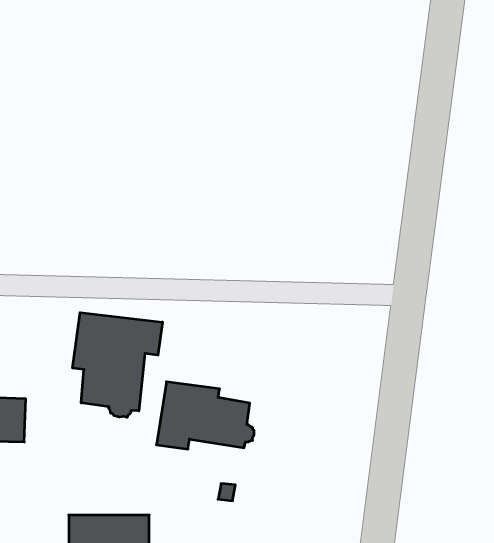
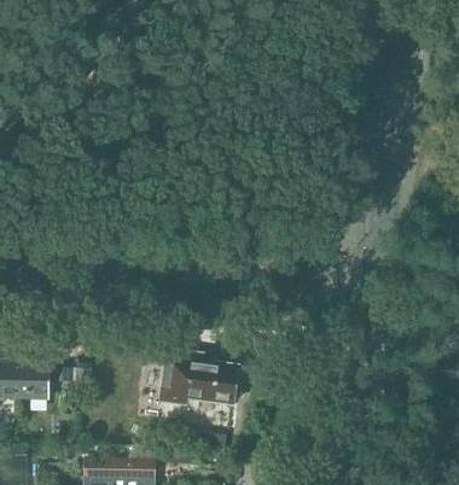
building: [73,313,162,417] -> none

